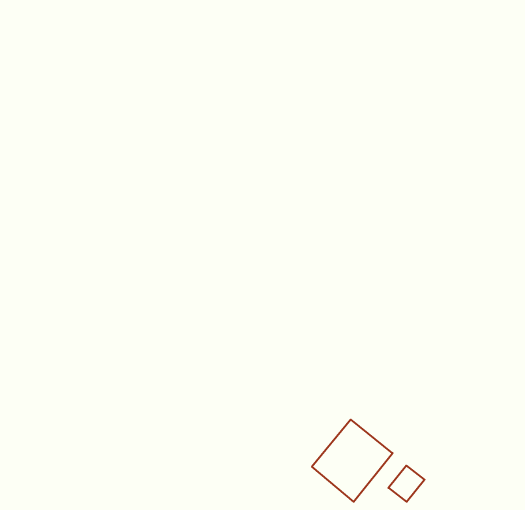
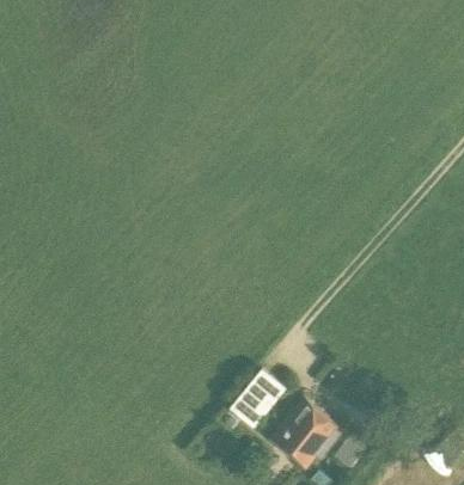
building: none -> [234,373,291,431]

